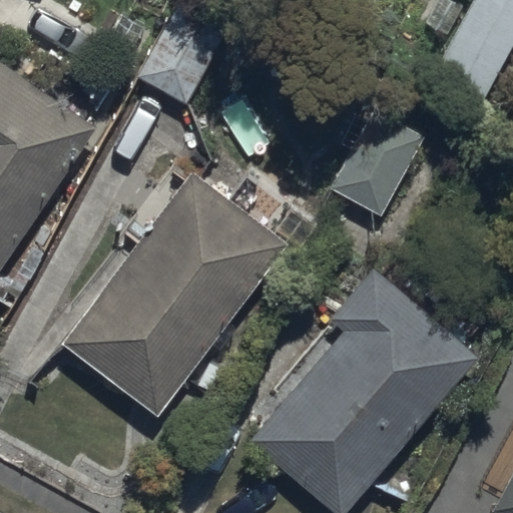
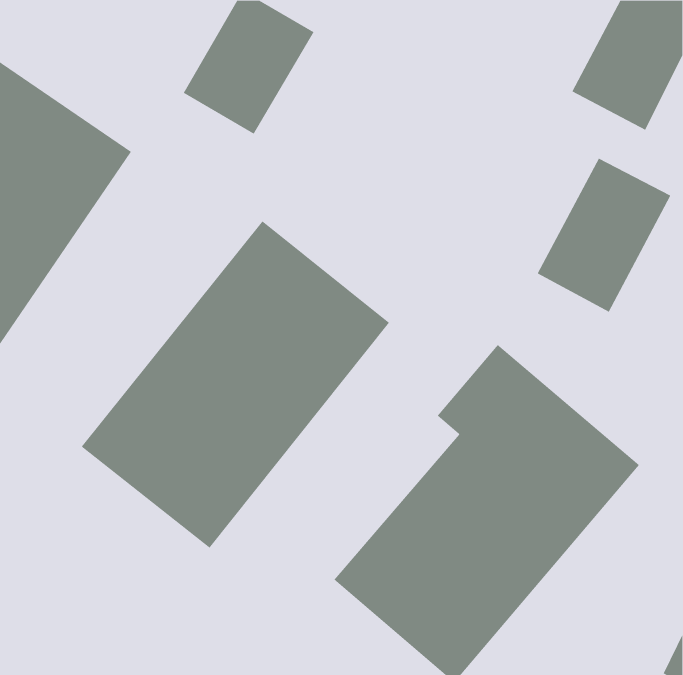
building: [327,105,427,220] -> [537,158,671,312]

